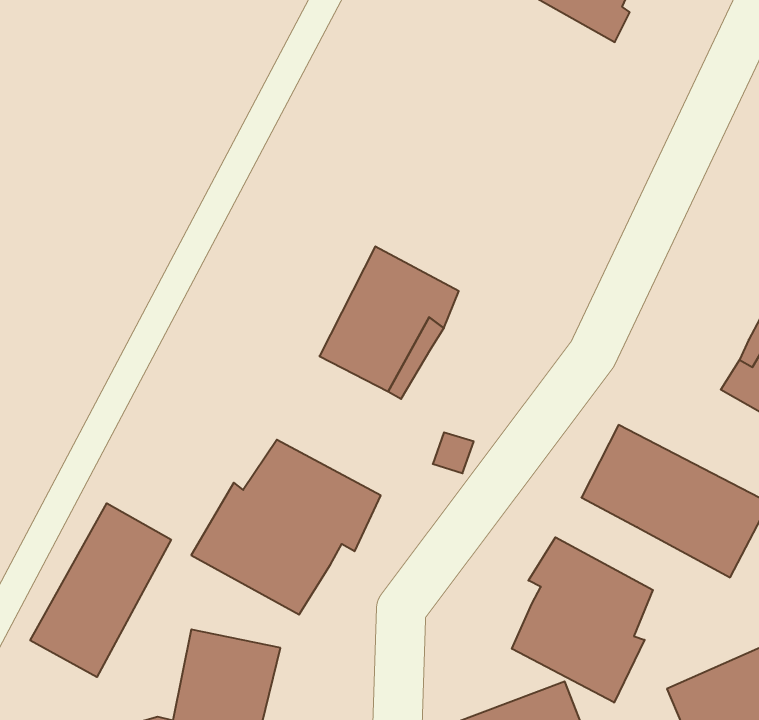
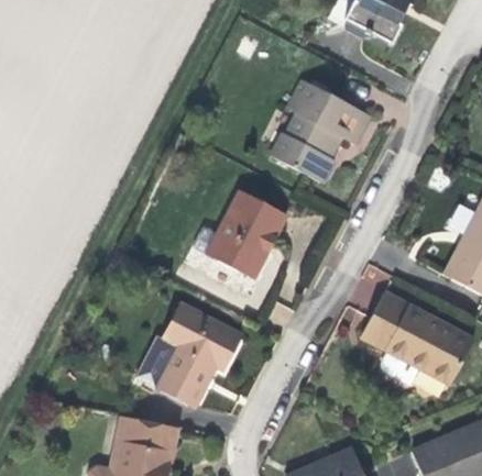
building: none -> [273,78,370,184]
building: [30,503,171,677] -> none
building: [512,537,653,703] -> none

